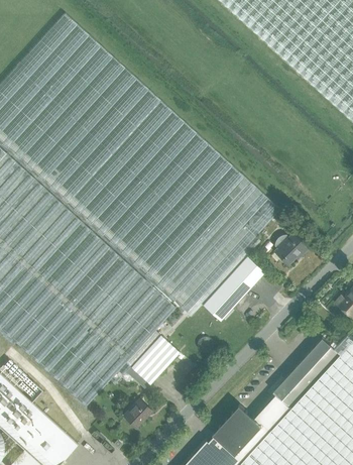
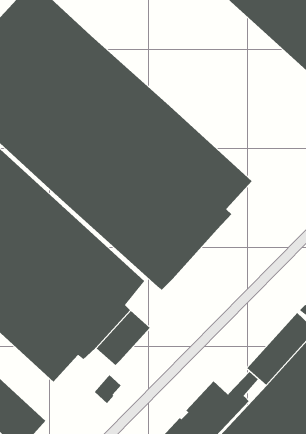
building: [273,234,307,264] -> none
building: [202,257,263,321] -> none

